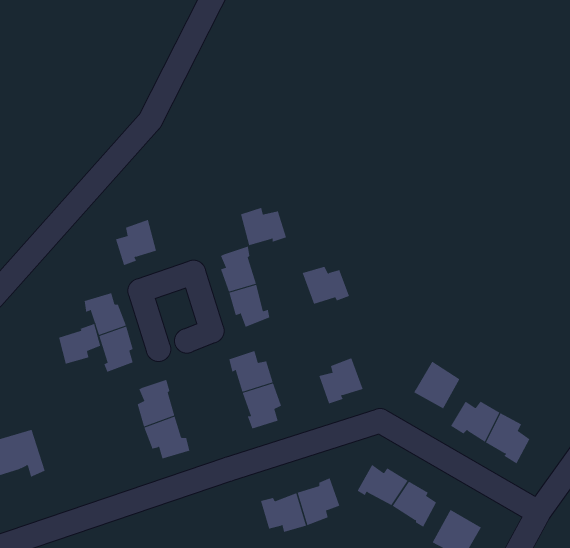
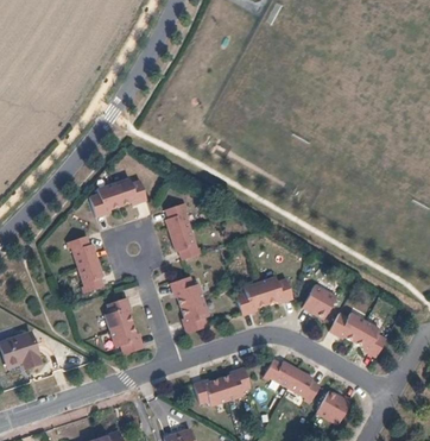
building: [240,207,287,246] -> [114,178,147,206]
building: [302,266,350,305] -> [259,277,293,304]
building: [59,323,101,365] -> none

